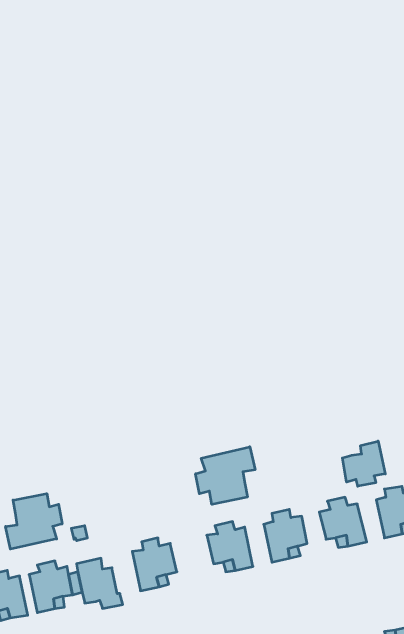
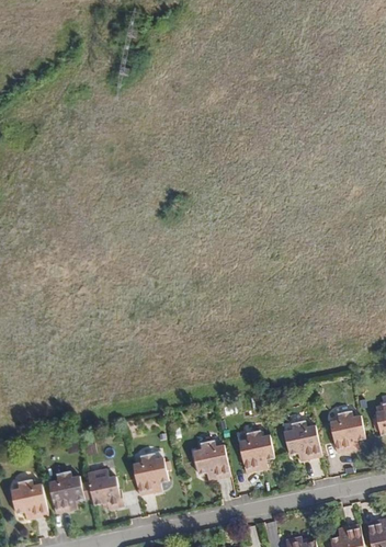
building: [342,441,385,486] -> none
building: [196,447,255,504] -> none
building: [6,494,62,549] -> none

